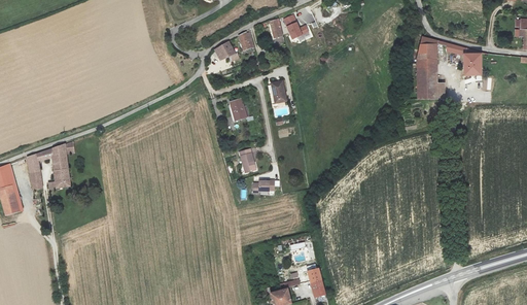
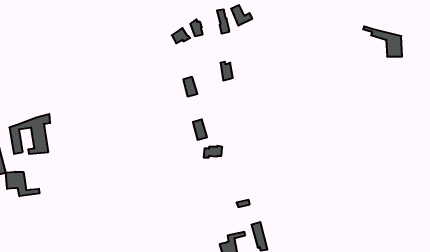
building: [417,36,438,98] -> none
building: none -> [6,172,39,196]

